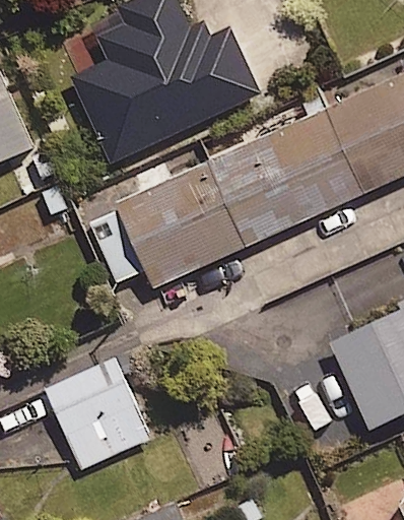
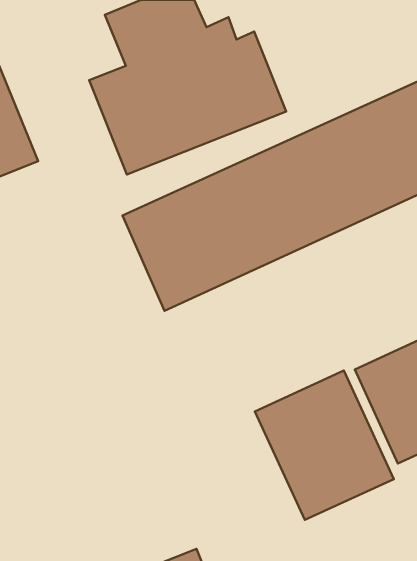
building: none -> [255,371,394,520]
building: [51,363,153,471] -> none

